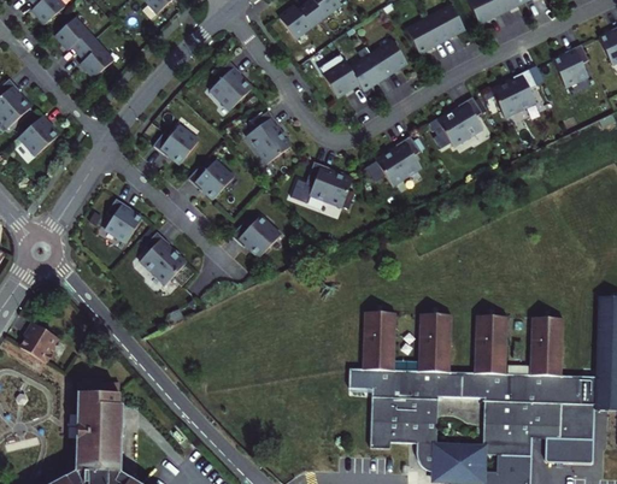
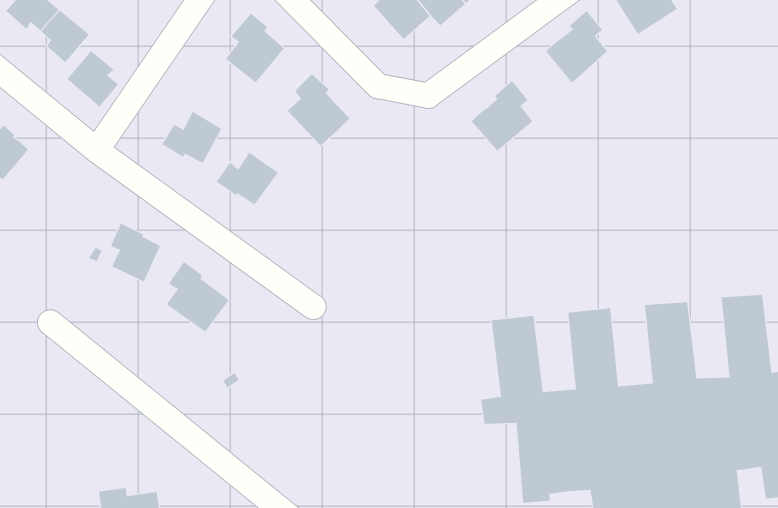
building: none -> [67,50,119,108]
building: [306,161,352,207] -> none
building: [231,216,281,258] -> none
building: [19,323,59,366] -> none

